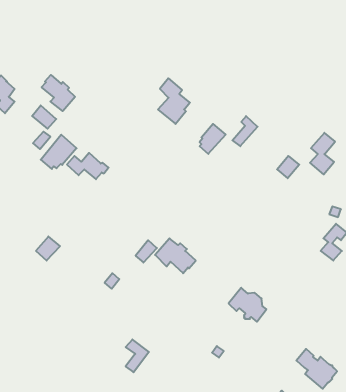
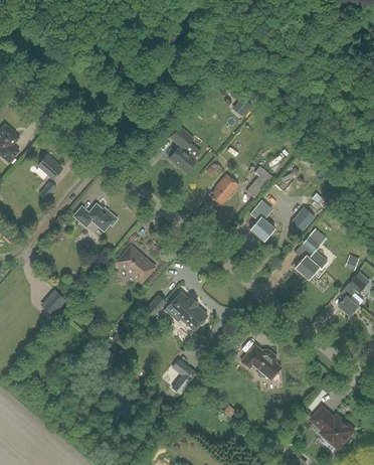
building: [42,75,75,111] -> none
building: [310,133,335,174] -> [294,236,320,279]
building: [41,135,77,169] -> none
building: none -> [249,202,275,241]
building: none -> [117,246,155,282]
building: [126,339,149,372] -> [172,359,196,394]

